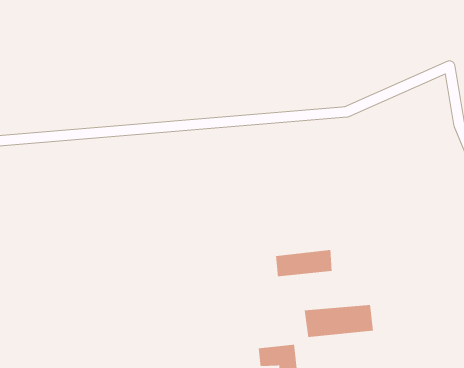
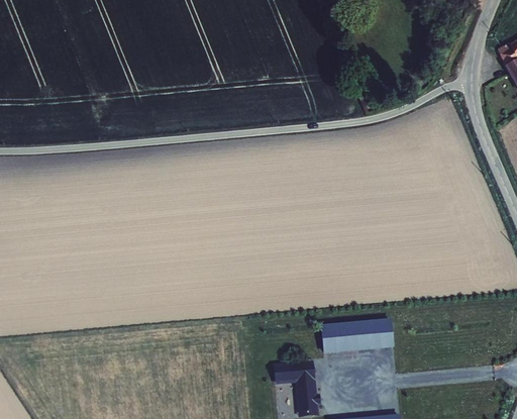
building: [275,249,332,277] -> none

